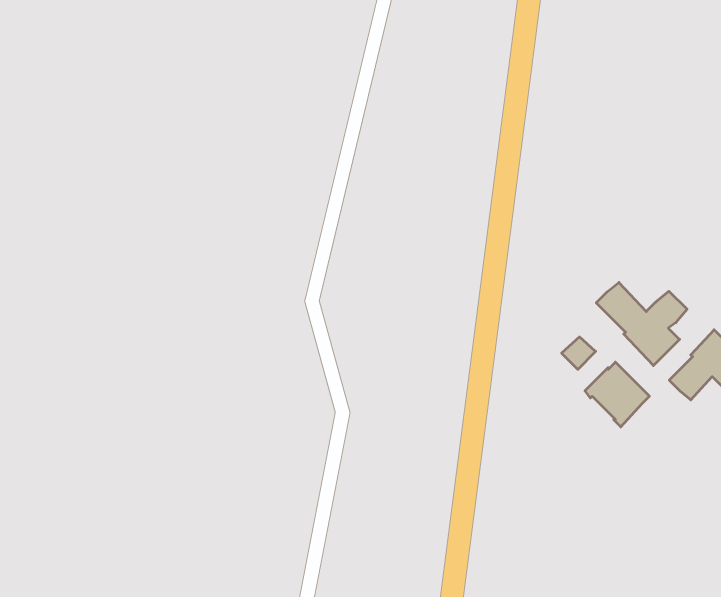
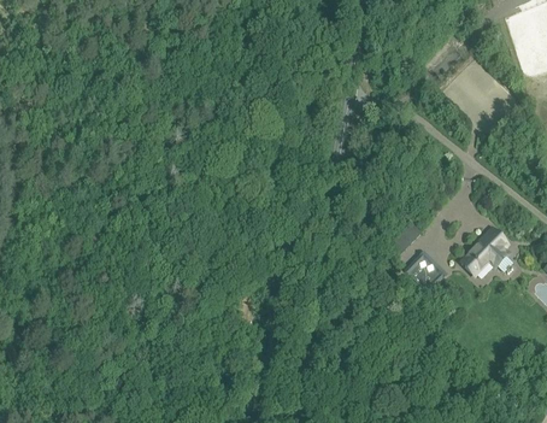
building: [596,282,687,366] -> none

